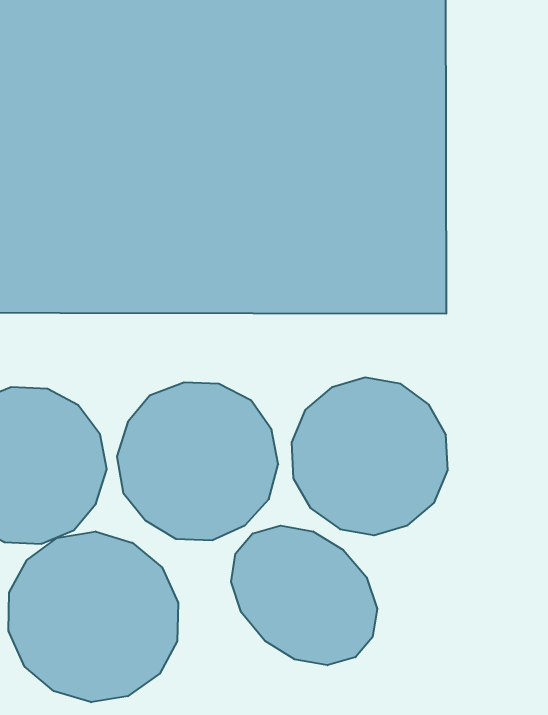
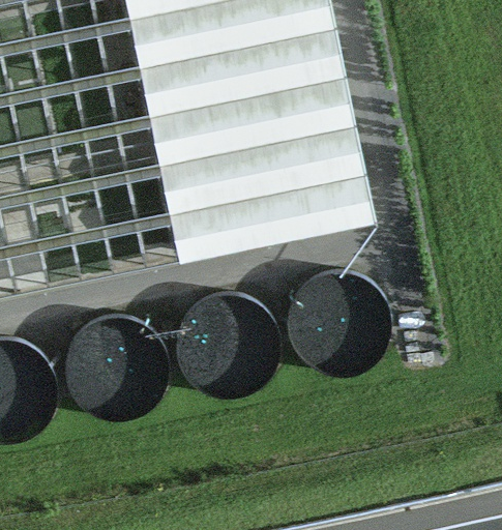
building: [231,526,377,665] -> none
building: [9,531,178,702] -> none

